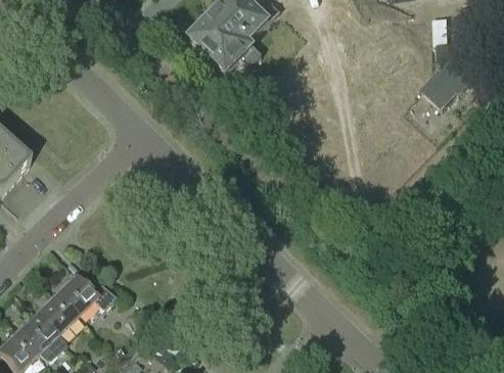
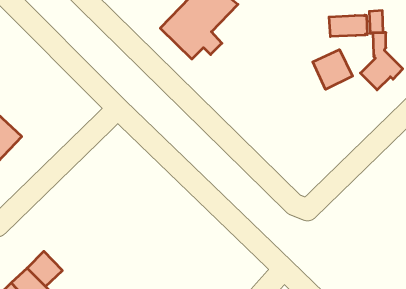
building: none -> [329,15,367,37]
building: none -> [313,50,353,89]
building: [54,275,114,318] -> none

